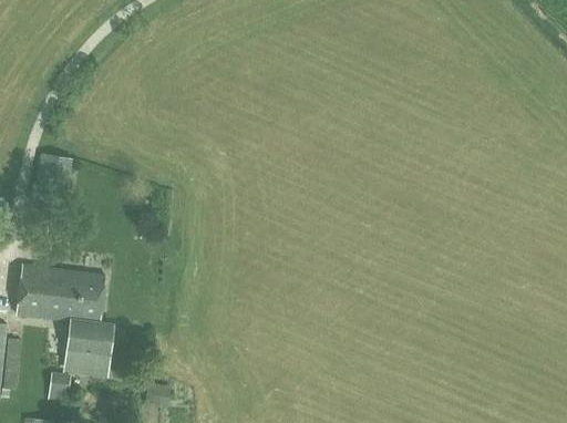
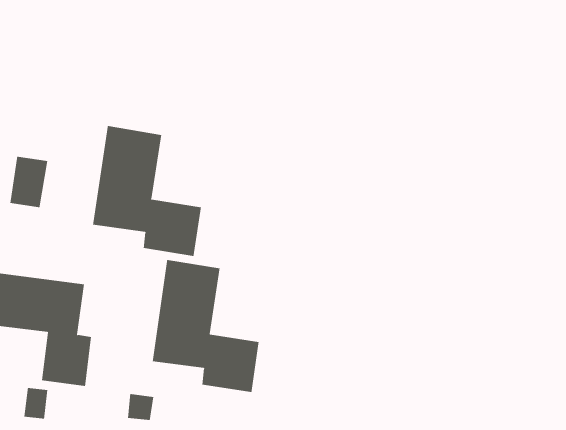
building: none -> [93,125,201,257]
building: none -> [152,259,259,393]

